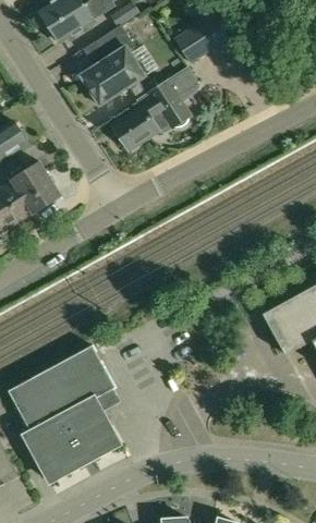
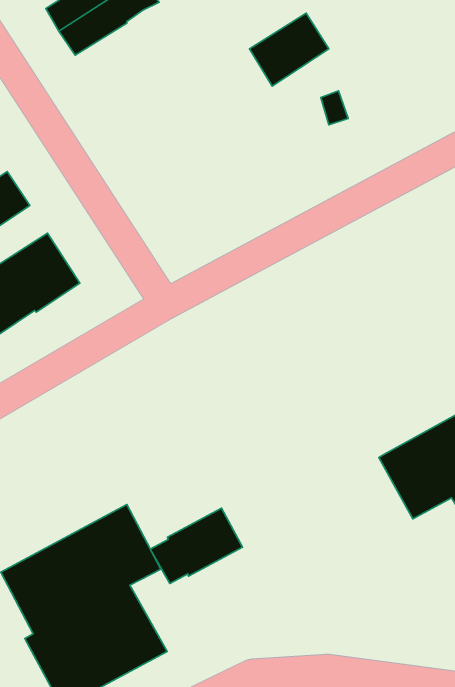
building: [80,26,144,105] -> none
building: [112,66,198,150] -> none
building: none -> [150,508,243,583]

